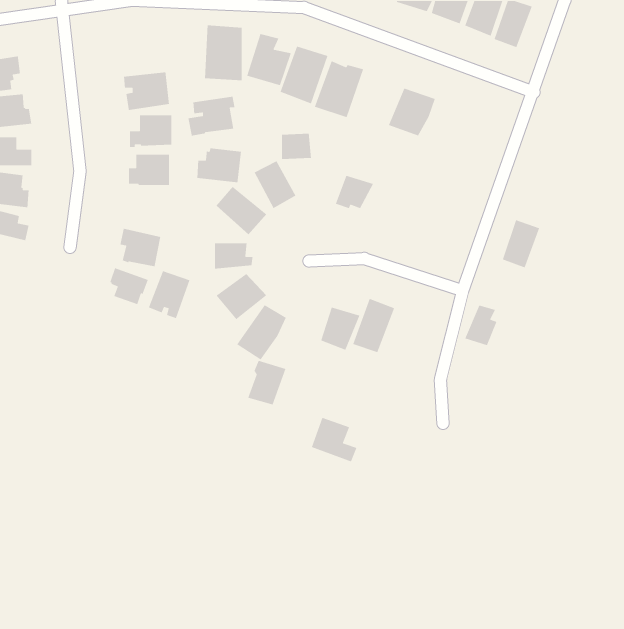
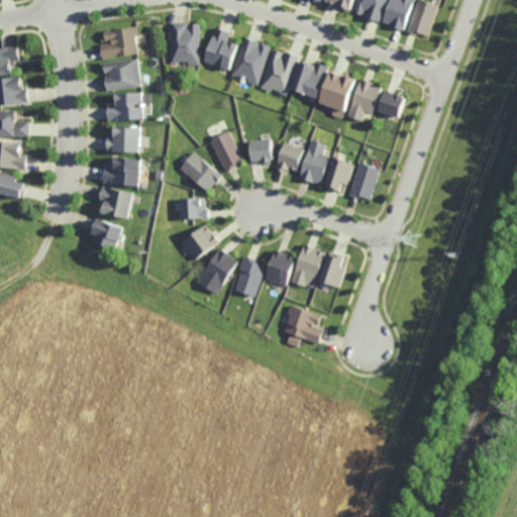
building: none -> [292,63,328,98]
building: [187,96,235,136] -> [98,26,137,60]
building: none -> [345,81,382,123]
building: none -> [378,93,407,119]
building: [281,133,312,160] -> [249,140,275,163]
building: [196,148,242,183] -> [102,158,139,187]
building: none -> [298,140,330,186]
building: none -> [324,158,354,194]
building: [502,219,540,268] -> [348,163,380,203]
building: [148,270,191,319] -> none
building: [464,304,497,346] -> [317,253,344,288]
building: [247,360,287,405] -> [231,260,264,297]
building: [311,417,358,462] -> [284,307,322,344]

